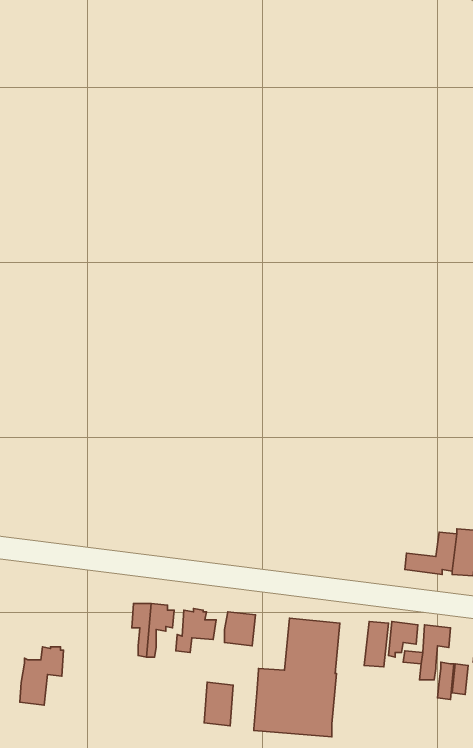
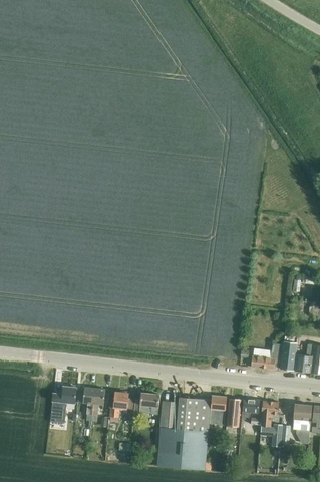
building: none -> [210,396,226,425]
building: [20,647,64,705] -> [49,386,76,422]
building: [204,682,233,726] -> [161,401,179,428]

